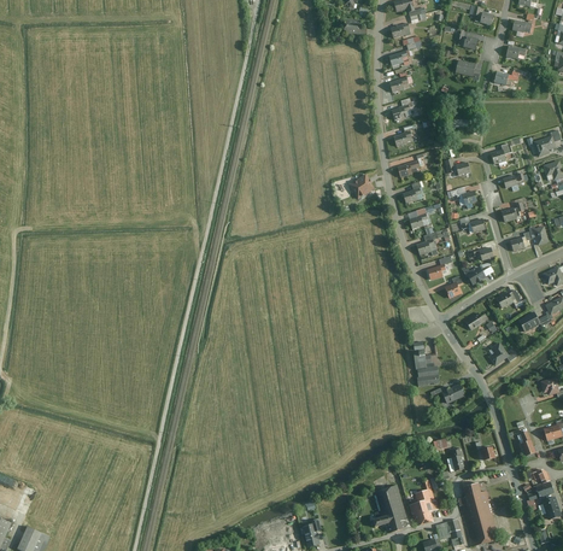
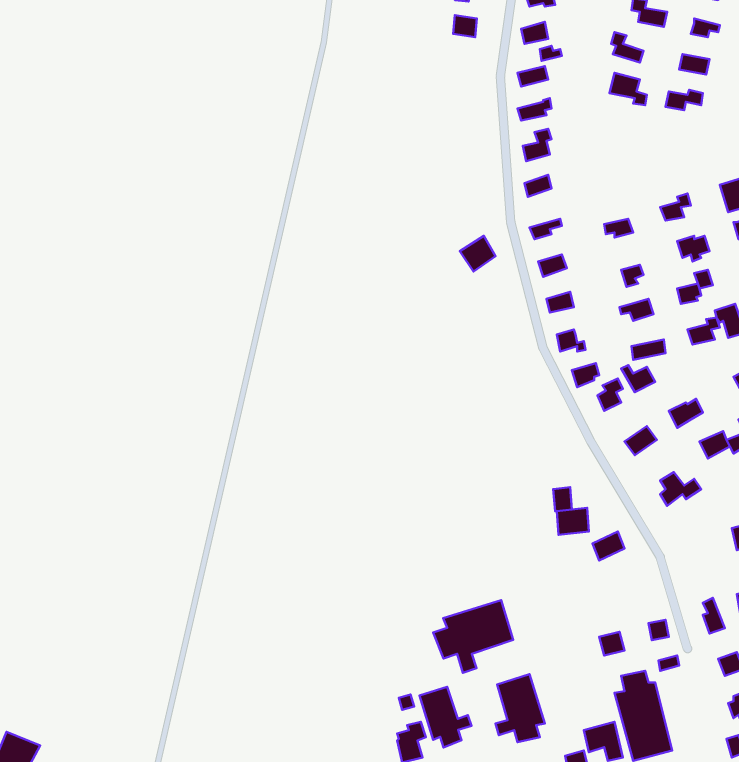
building: none -> [433,600,513,673]
building: [409,488,439,524] -> none
building: none -> [419,687,471,747]

